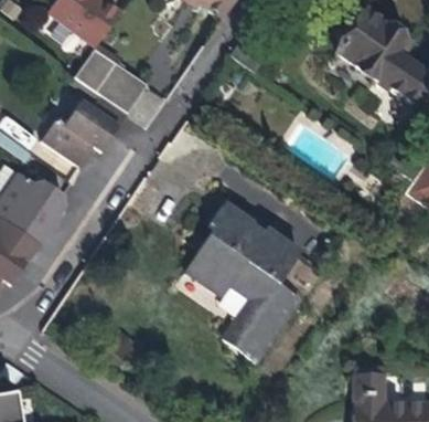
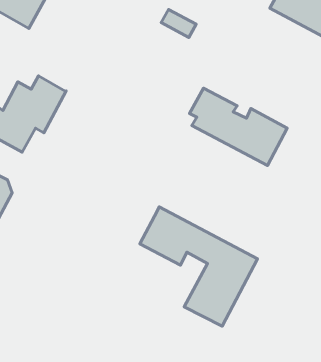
building: [77,49,148,113] -> none
building: [206,201,300,284] -> [189,88,287,165]

